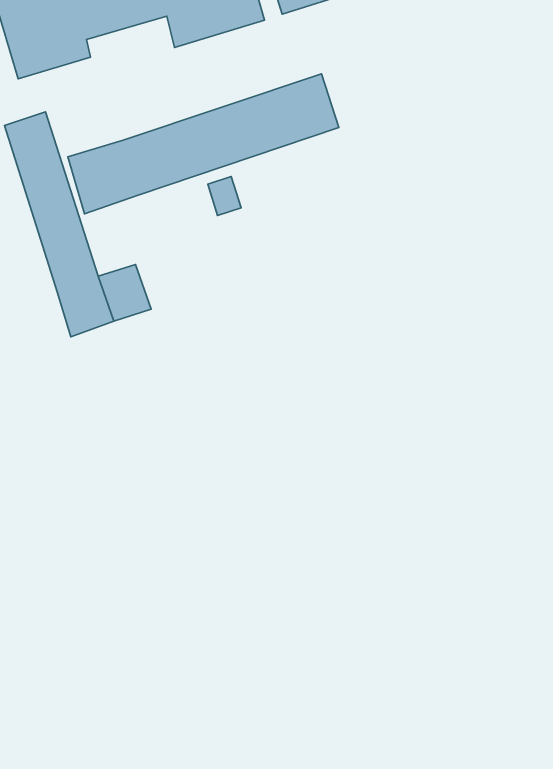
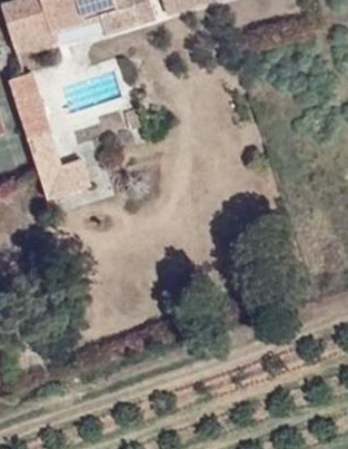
building: [68,74,339,214] -> none

